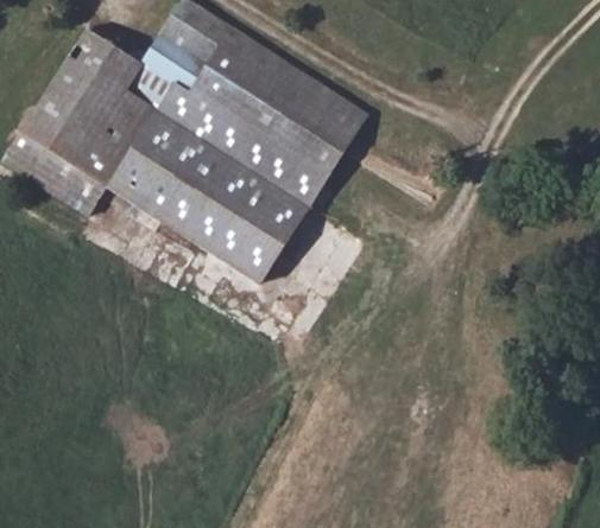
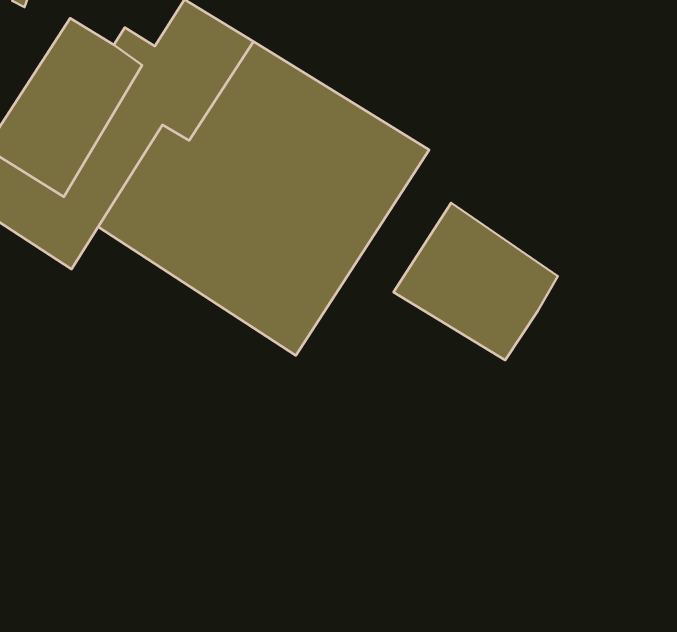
building: none -> [393,203,558,360]

